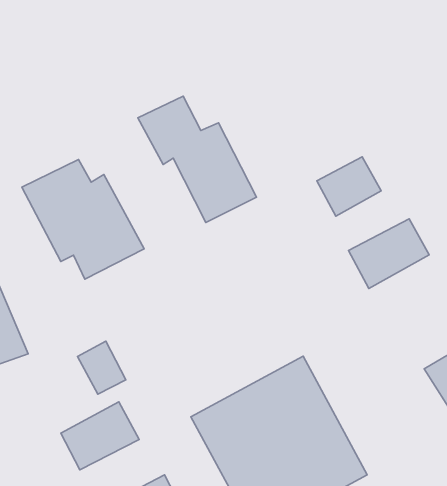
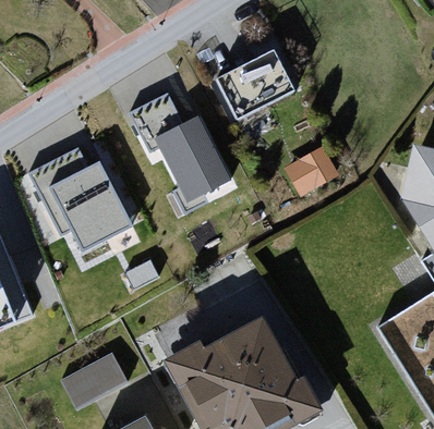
building: none -> [219,49,300,123]
building: [349,219,429,289] -> none
building: [78,341,126,394] -> none

